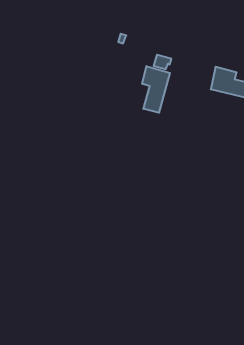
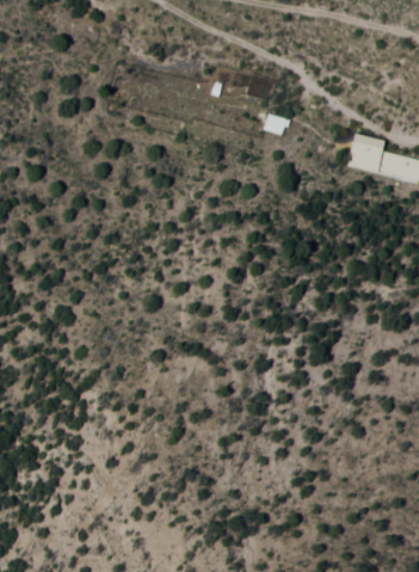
building: [142,66,170,113] -> none

